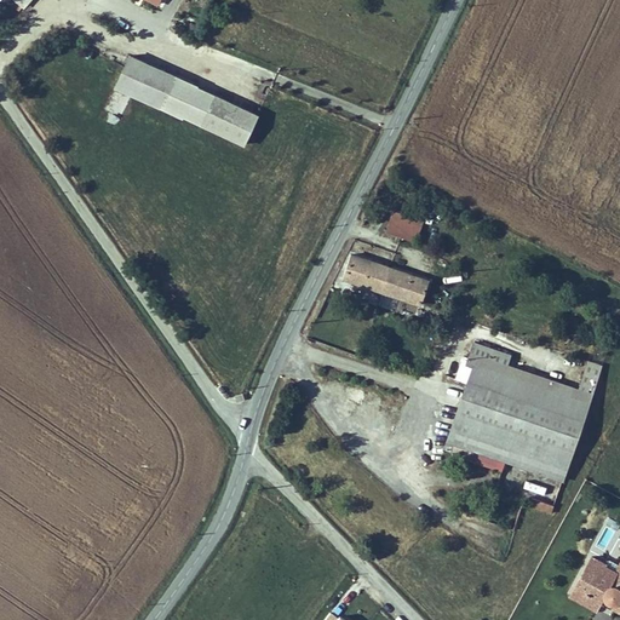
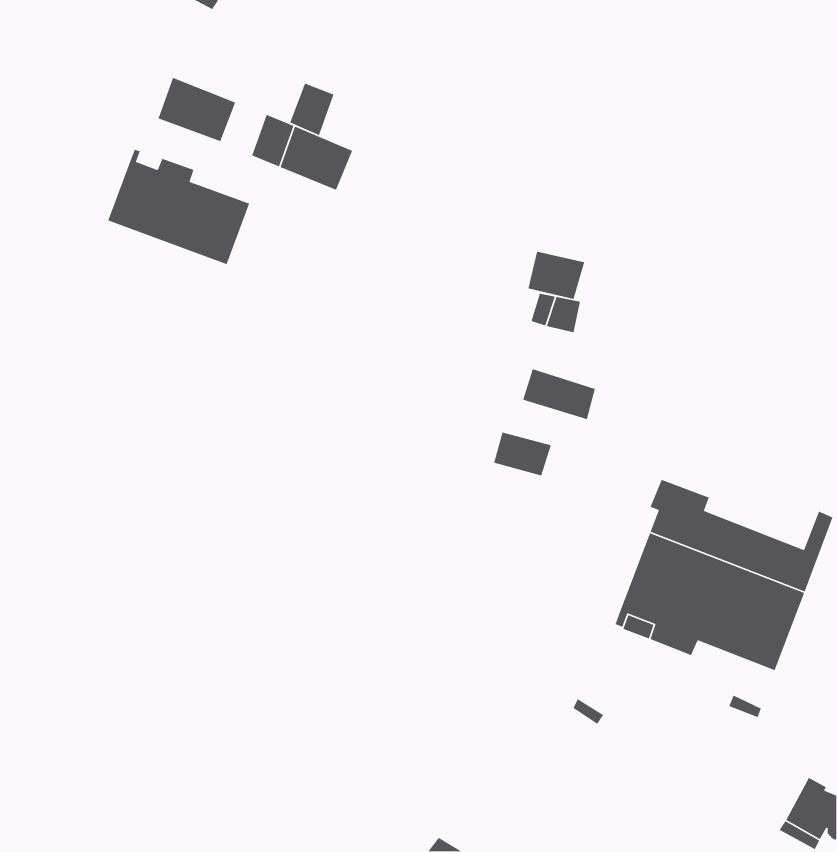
building: [160,74,193,113] -> [289,83,334,136]
building: none -> [107,149,250,265]
building: none -> [528,251,585,300]
building: [343,257,385,289] -> [493,431,552,477]

